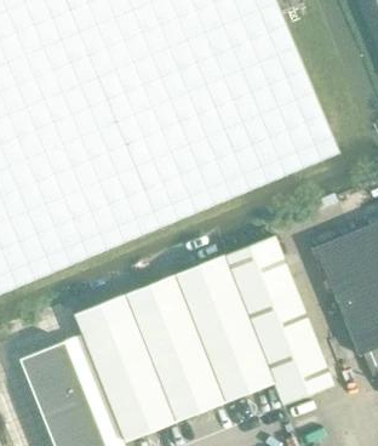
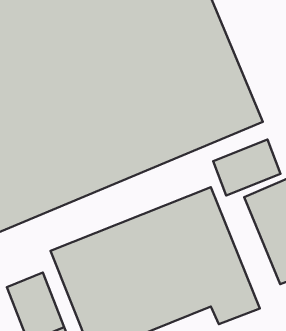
building: none -> [213,140,281,196]

